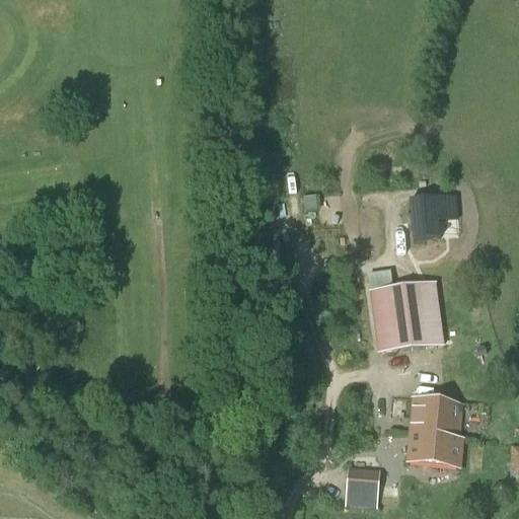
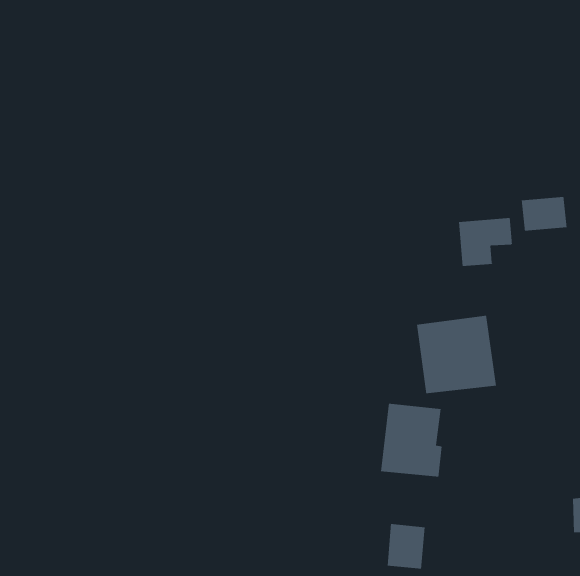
building: none -> [521,196,567,231]
building: [407,398,463,464] -> [380,403,443,477]

